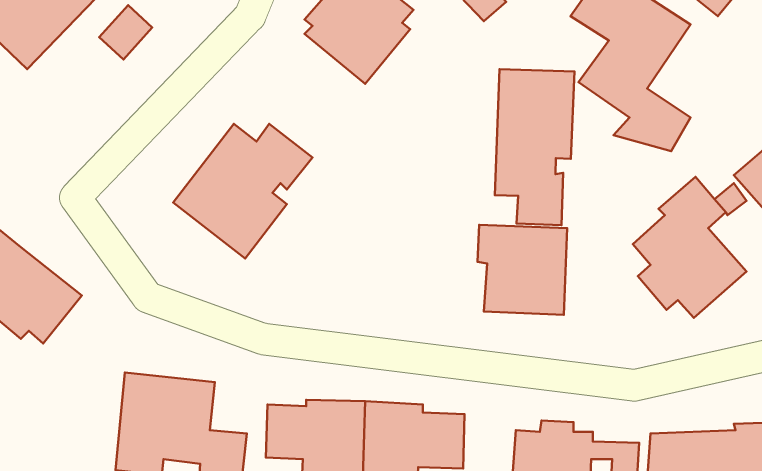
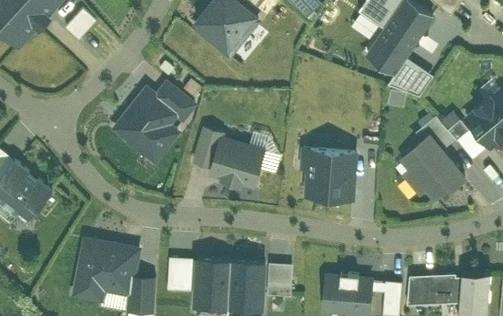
building: [495,69,574,225] -> none
building: none -> [193,126,266,187]

